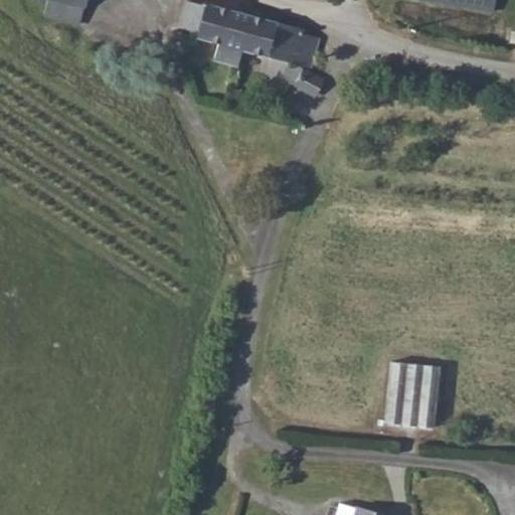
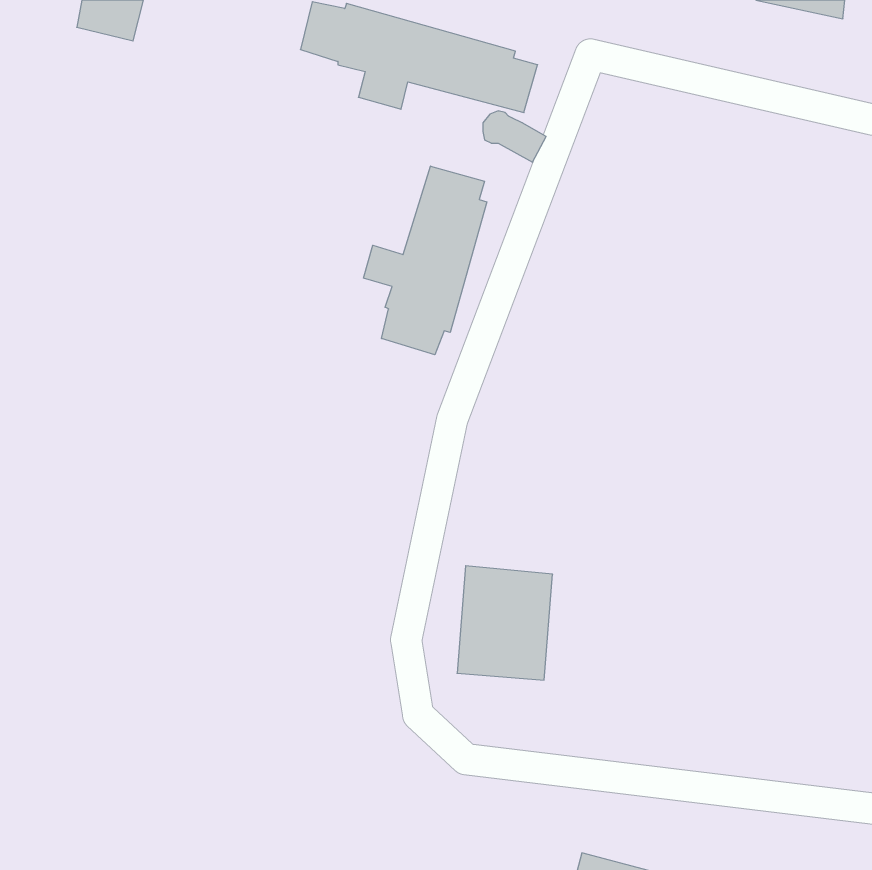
building: none -> [363,166,487,355]
building: [385,359,442,426] -> [457,566,553,680]

